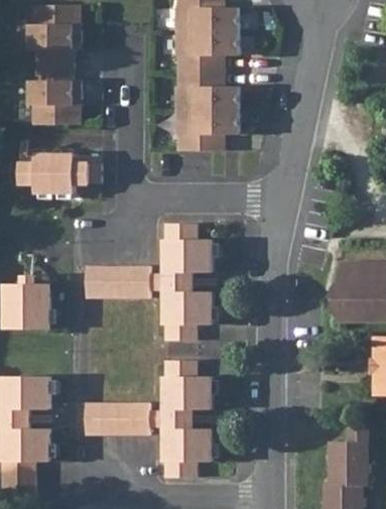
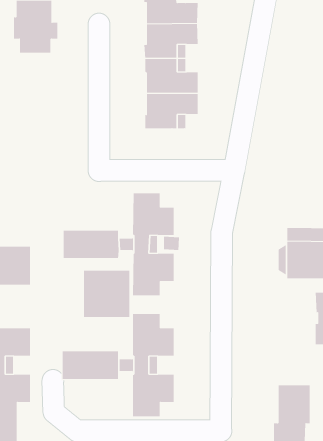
building: [28,65,80,124] -> none
building: [18,154,101,193] -> none
building: none -> [84,270,130,318]

